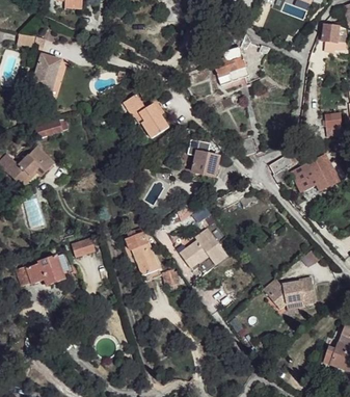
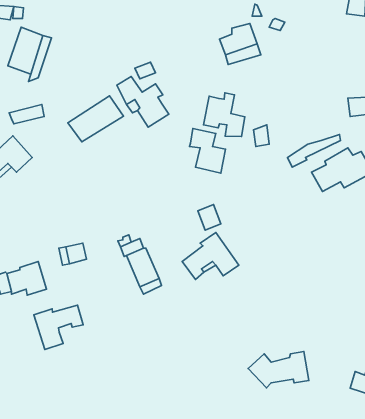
building: none -> [203,93,245,137]
building: none -> [68,96,124,142]
building: [263,276,315,308] -> [248,351,309,388]
building: none -> [34,305,83,349]

